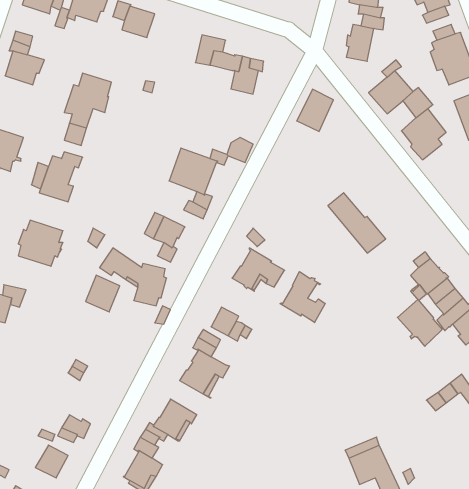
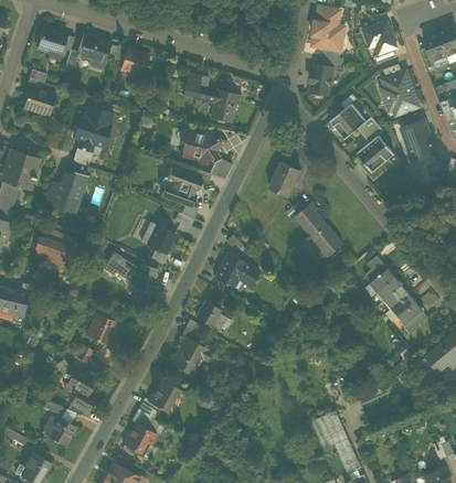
building: [297,89,333,131] -> [269,161,300,196]
building: none -> [181,130,221,164]
building: [280,272,325,323] -> none
building: [86,275,120,312] -> [87,313,116,344]
building: [397,300,442,346] -> none
building: none -> [64,366,97,397]

